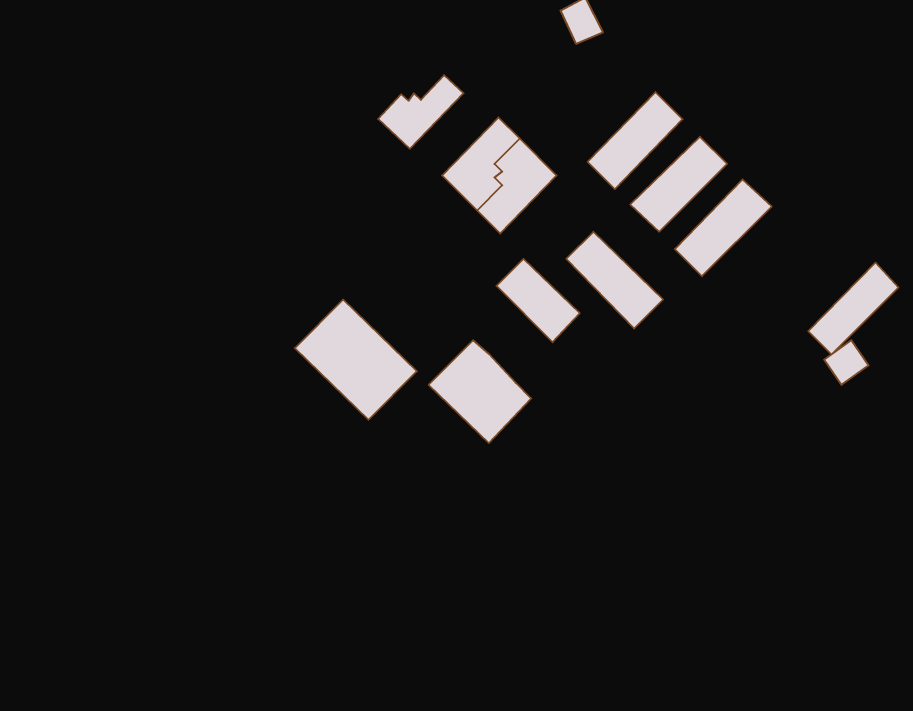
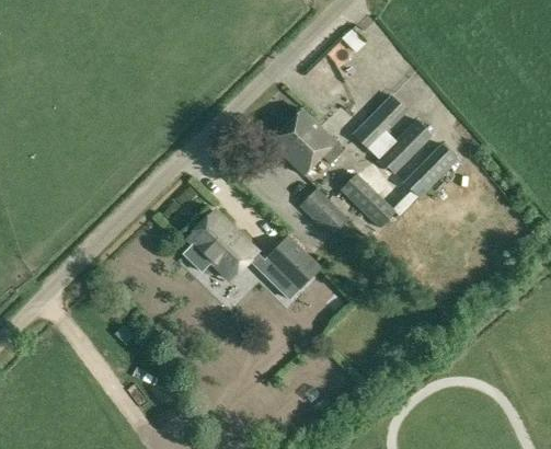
building: [378,75,464,149] -> none
building: [808,263,898,354] -> none

